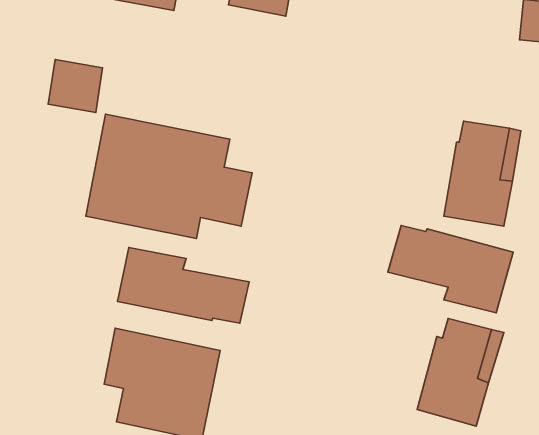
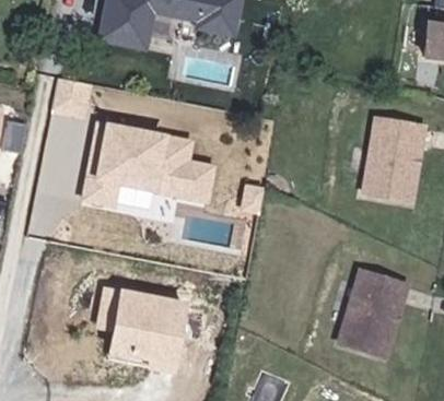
building: [388,226,513,313] -> none
building: [118,247,249,323] -> none

